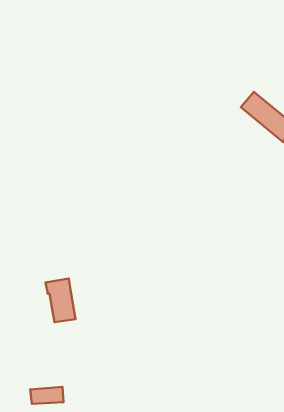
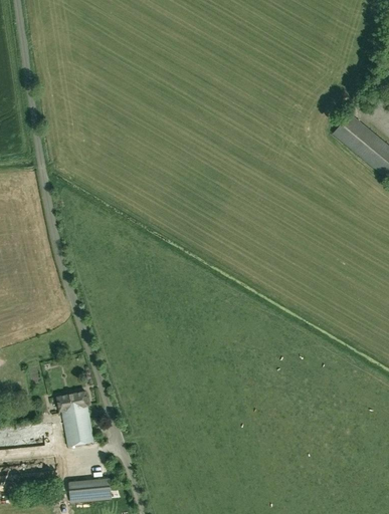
building: [45,279,75,322] -> [56,392,93,446]

